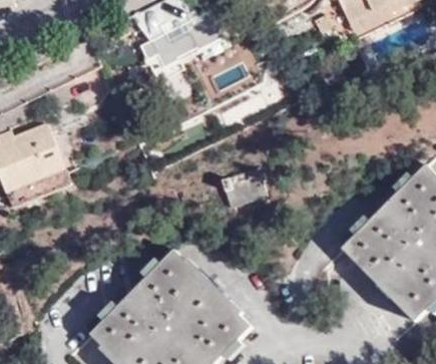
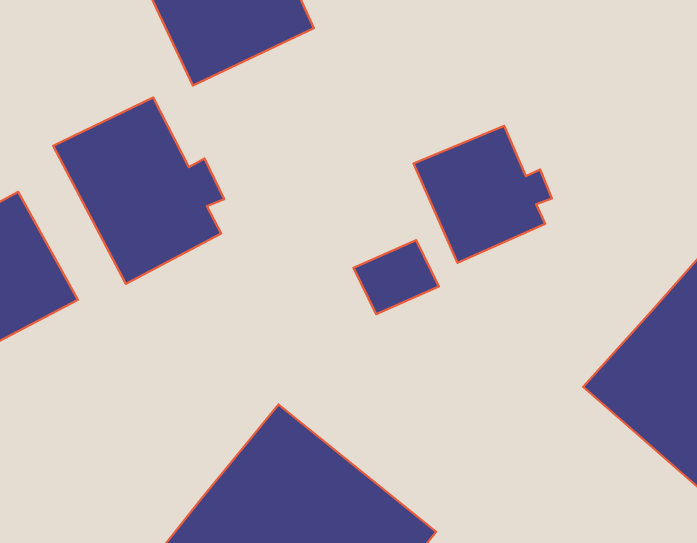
building: none -> [53,97,224,284]
building: none -> [414,126,552,263]

